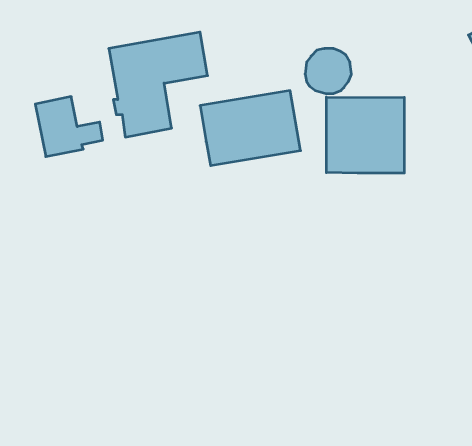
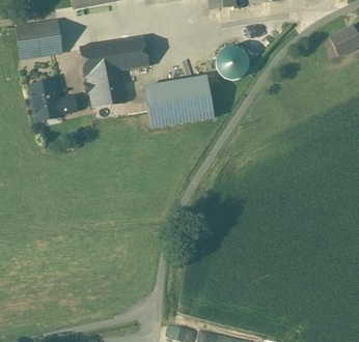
building: none -> [15,22,62,59]
building: [326,97,404,173] -> none

